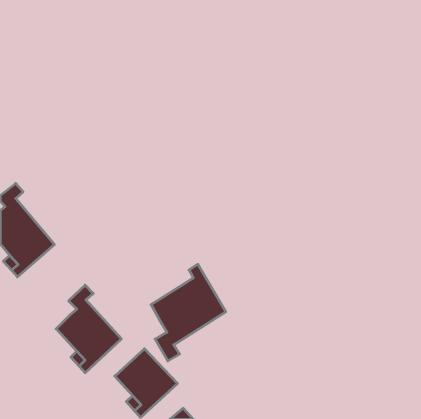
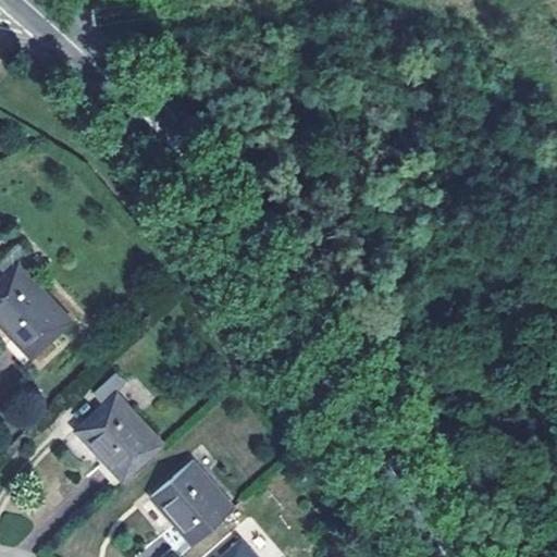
building: [151,264,226,361] -> none

